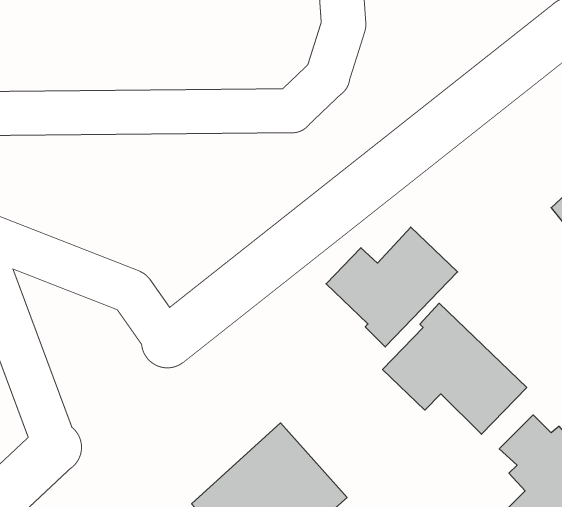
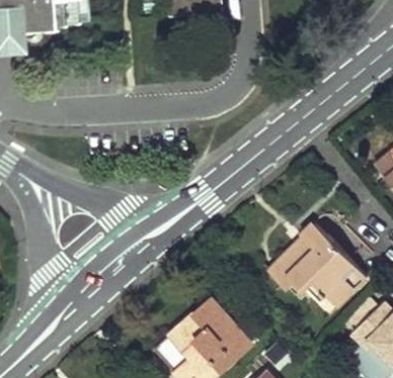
building: [326,227,458,347] -> none

